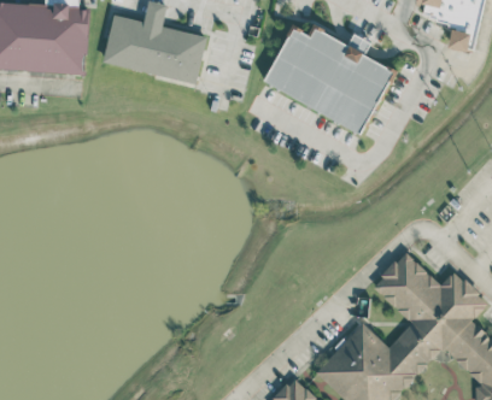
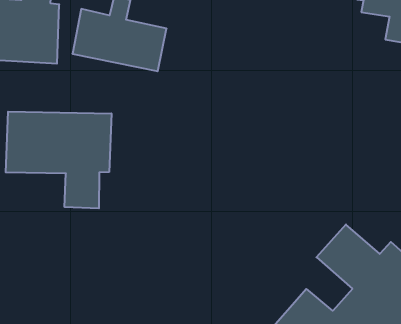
building: [263,25,394,133] -> none
building: none -> [6,112,111,208]

